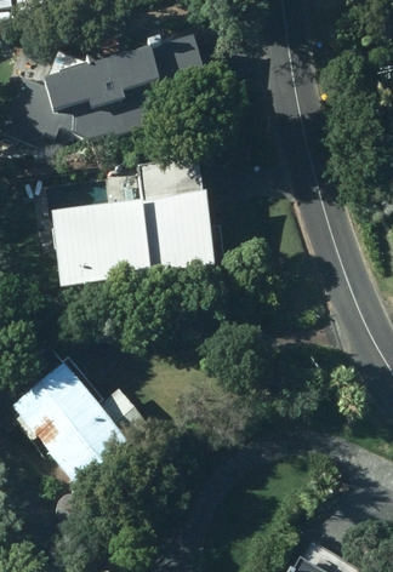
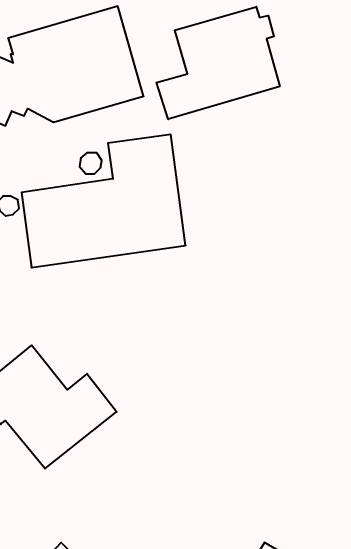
building: none -> [156,7,280,119]

